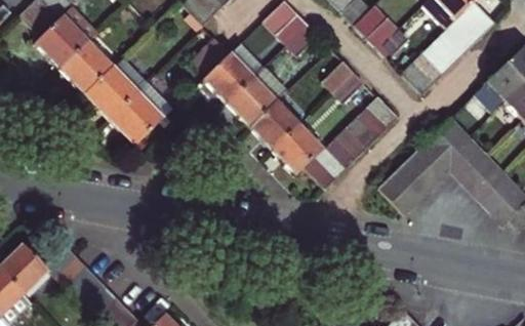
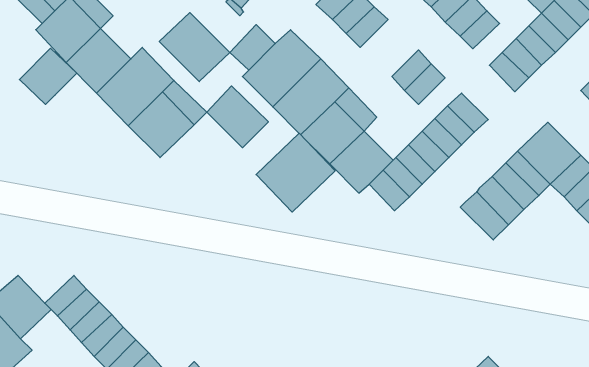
building: none -> [159,13,230,82]
building: none -> [19,48,77,104]
building: none -> [207,86,268,148]
building: none -> [256,133,335,212]

